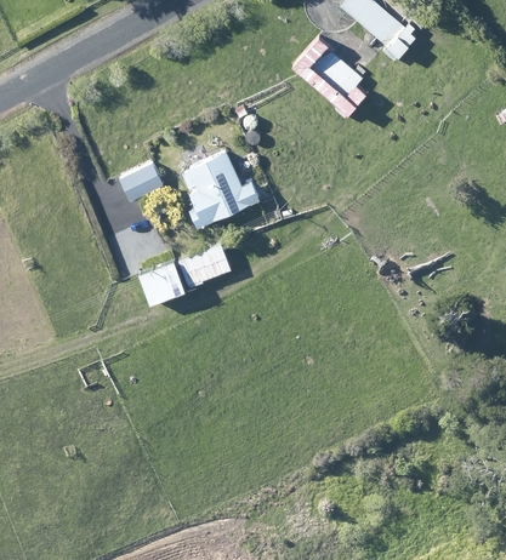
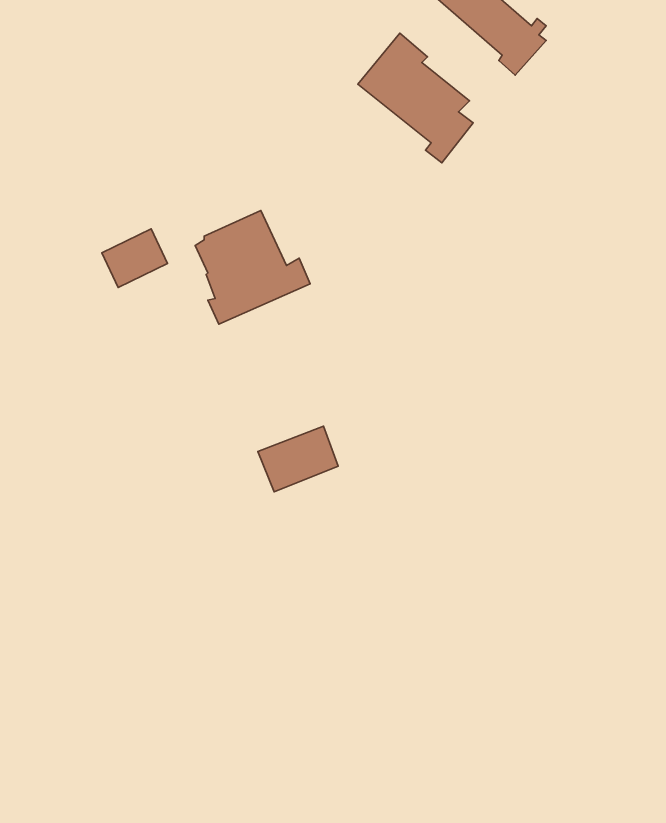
building: [178,244,232,287] -> [258,426,338,492]
building: [138,262,184,304] -> none

